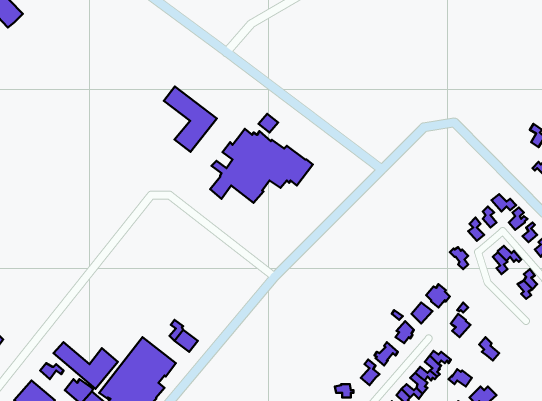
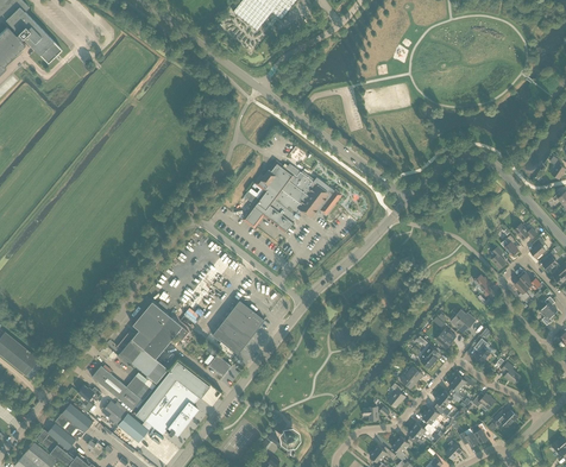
building: [164,86,217,152] -> none
building: none -> [213,299,264,353]
building: none -> [117,301,188,383]

